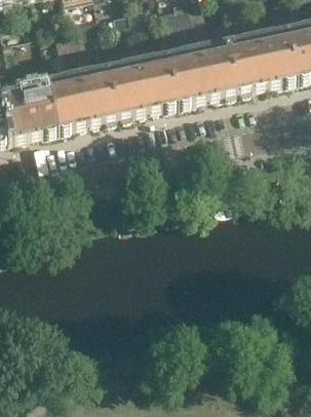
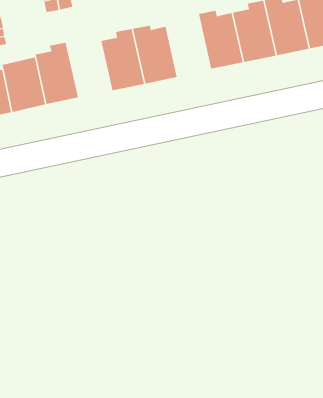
building: [162,43,202,101] -> none
building: [72,66,113,119] -> none

